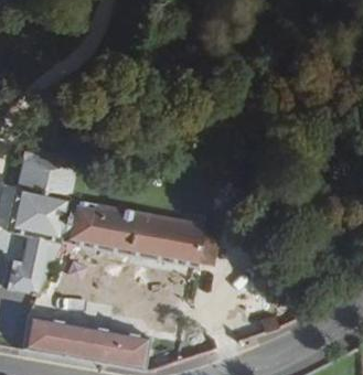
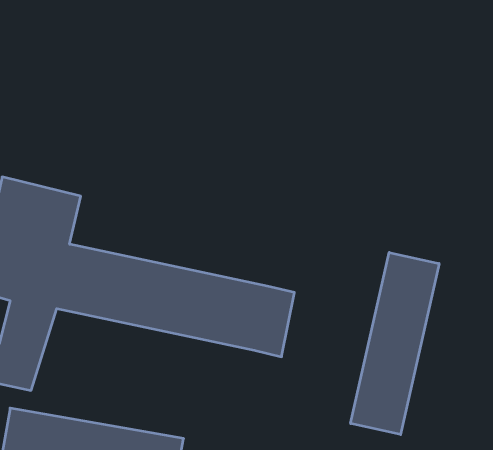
building: none -> [351,252,439,435]

